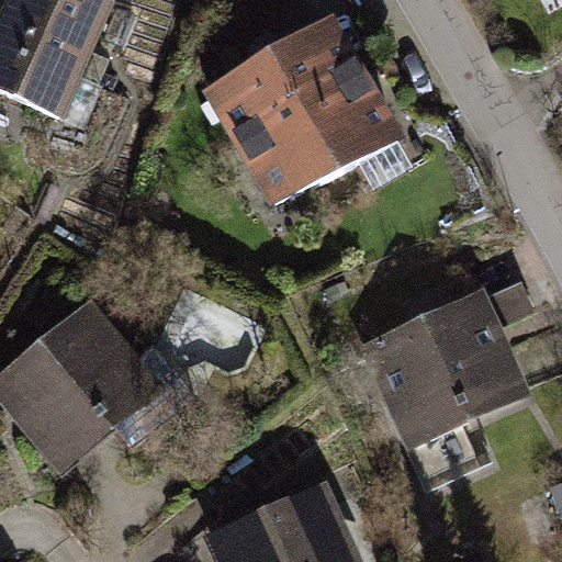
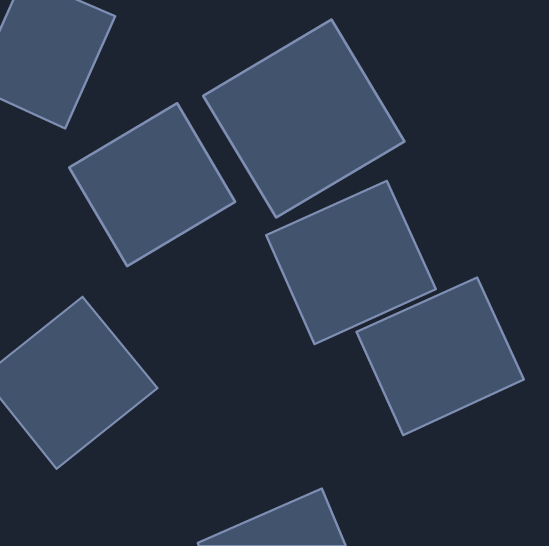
building: none -> [69,103,235,266]
building: none -> [266,181,436,344]

